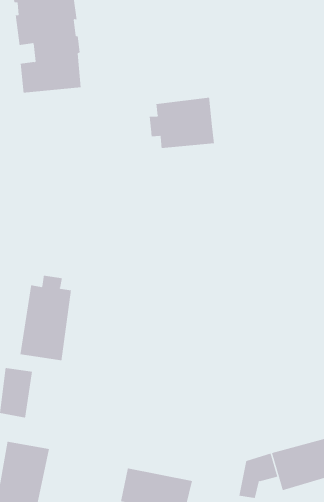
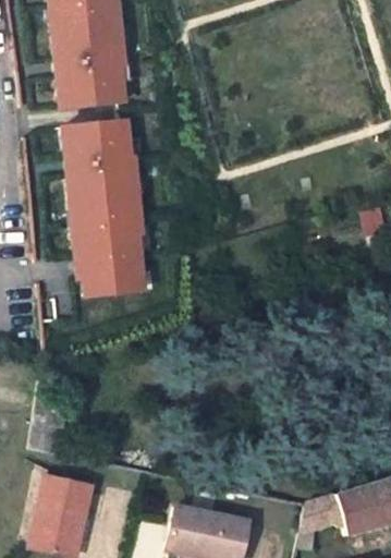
building: [149,97,214,149] -> none
building: none -> [62,117,147,292]
building: [20,275,71,361] -> none

